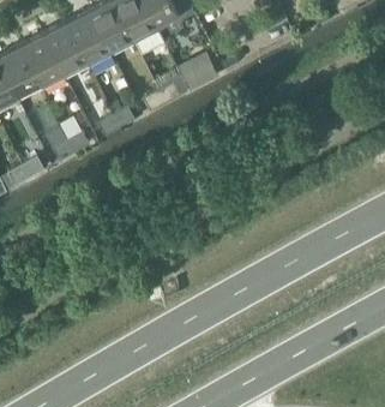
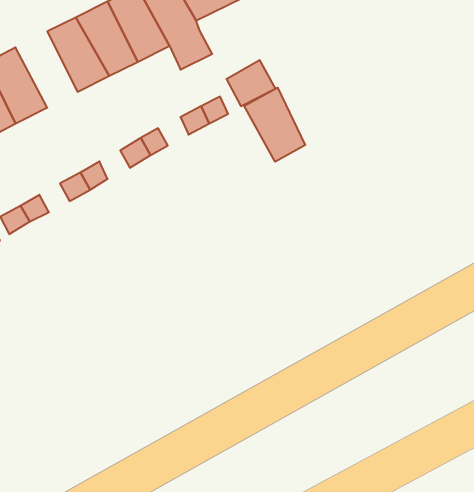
building: [23,30,70,88] -> none
building: none -> [244,88,305,162]

